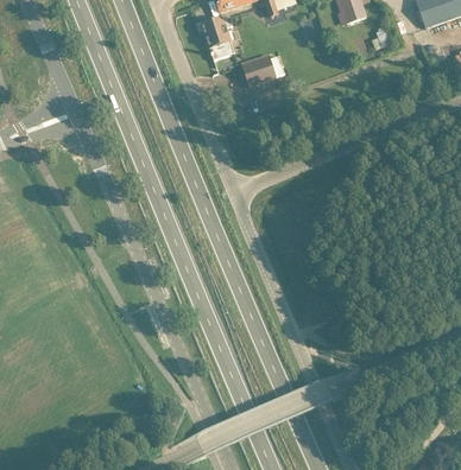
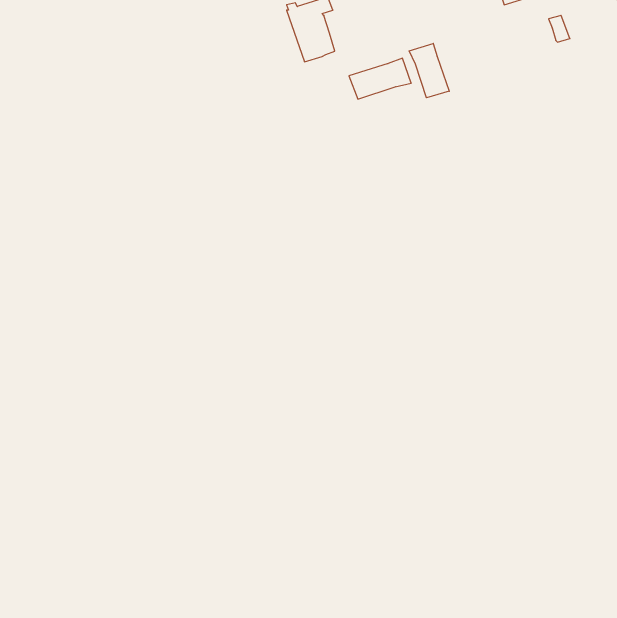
building: none -> [409,43,449,98]

